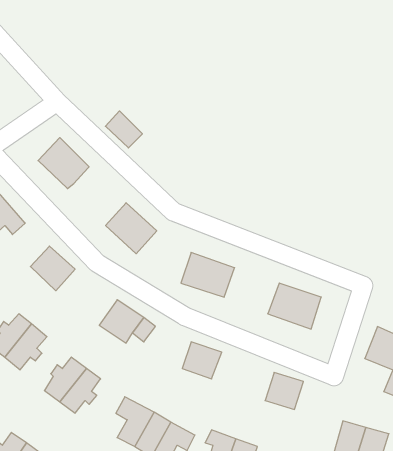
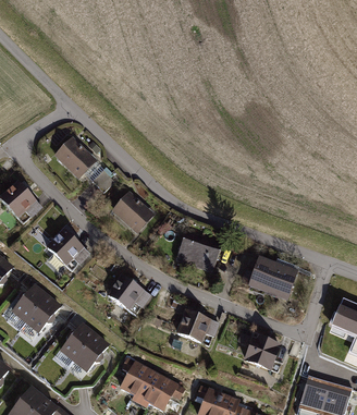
building: [105,111,142,148] -> [83,161,114,193]

